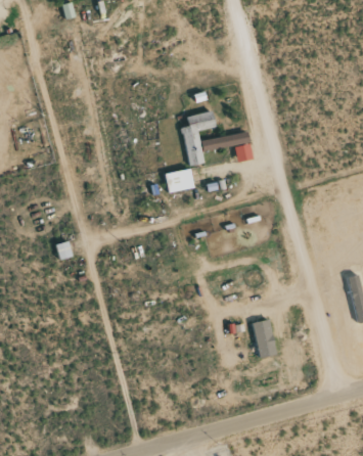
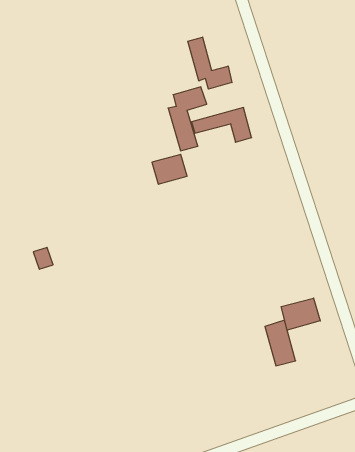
building: none -> [188,37,232,89]
building: none -> [281,298,320,330]

